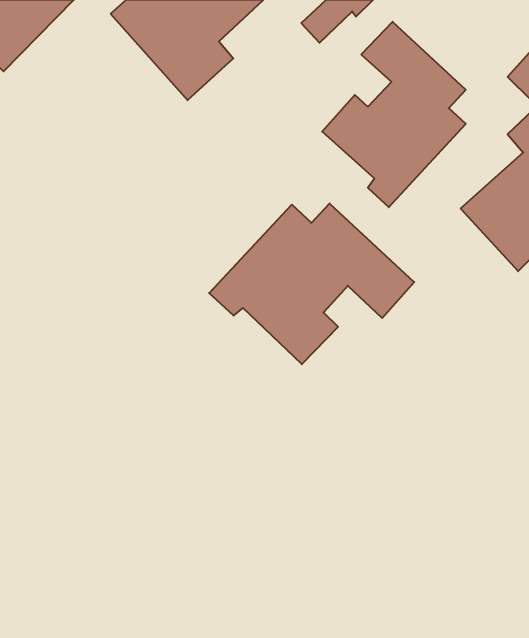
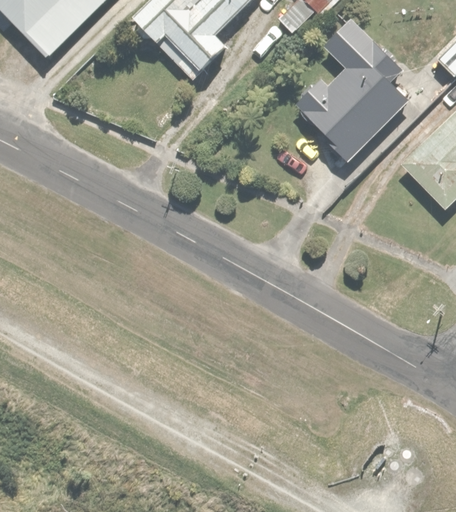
building: [209,203,414,364] -> none

